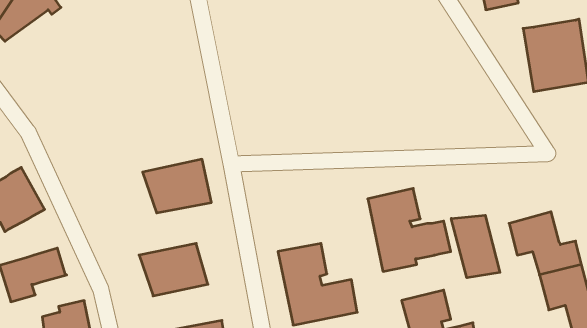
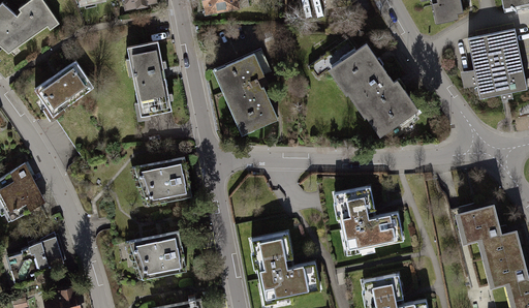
building: none -> [125,39,172,115]
building: none -> [325,42,415,136]
building: none -> [212,53,278,134]
building: none -> [34,58,94,116]
building: [451,215,500,278] -> none

